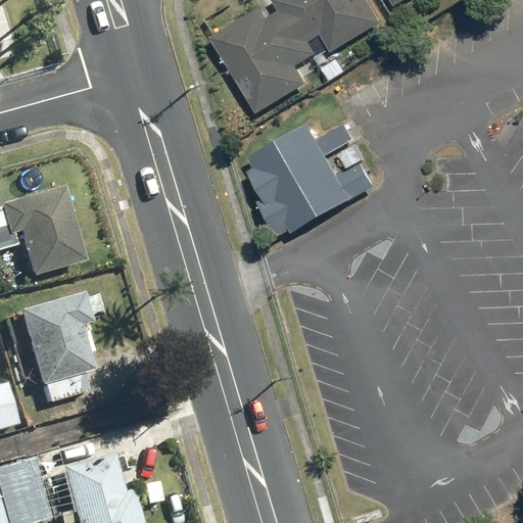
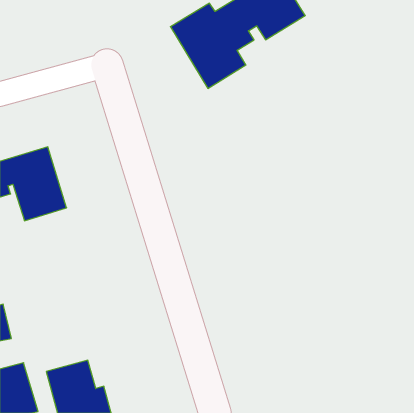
building: [251,121,362,233] -> none
building: [17,292,90,399] -> none

